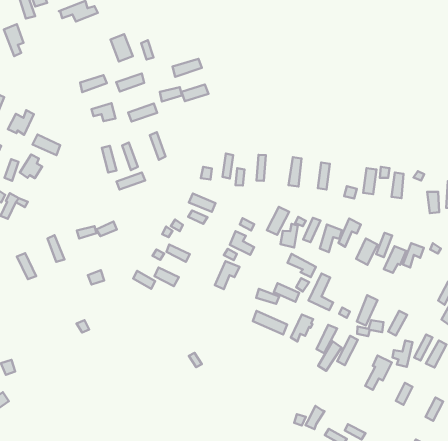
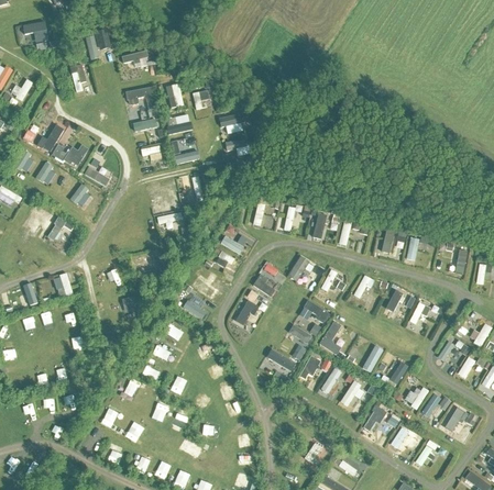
building: none -> [125,86,156,115]

